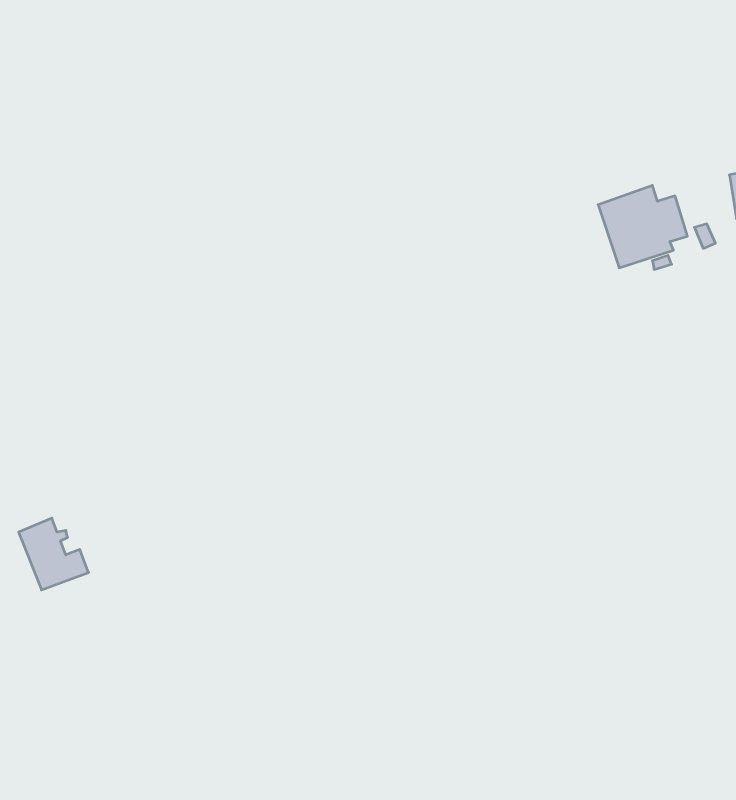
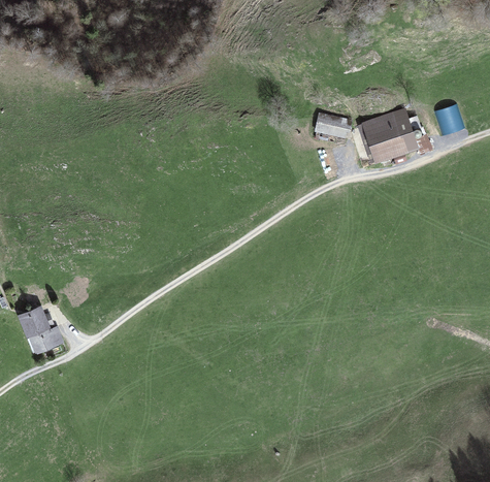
building: none -> [316,115,350,136]

